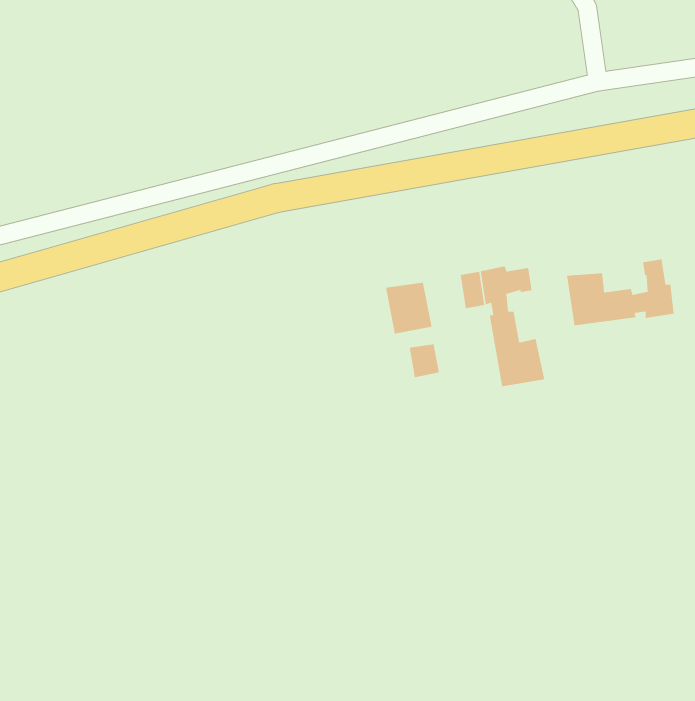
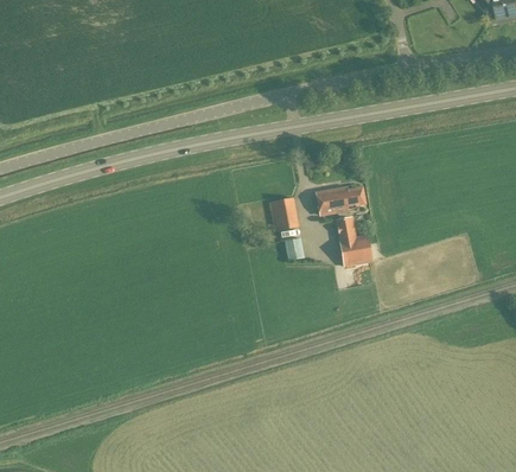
building: [566,258,675,326] -> none

